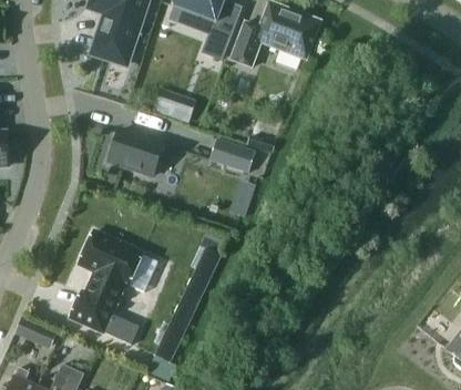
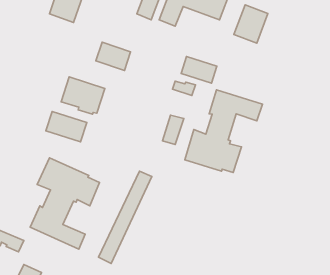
building: none -> [234,5,268,43]
building: [208,138,253,172] -> [181,56,217,83]
building: none -> [185,90,263,172]
building: none -> [46,111,87,142]

